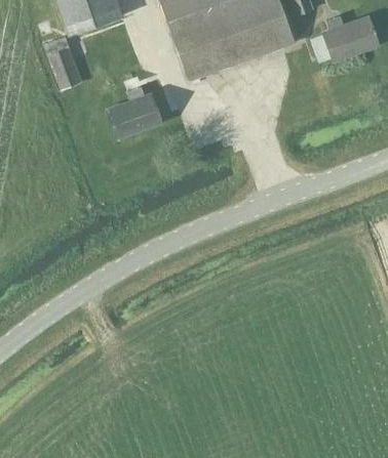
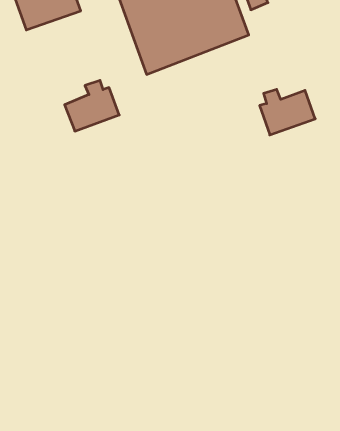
building: [323,15,380,61] -> [260,89,315,135]
building: [50,47,84,90] -> none

